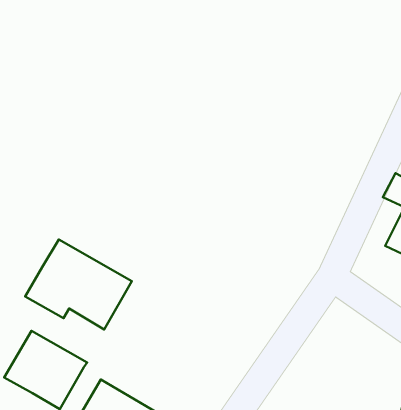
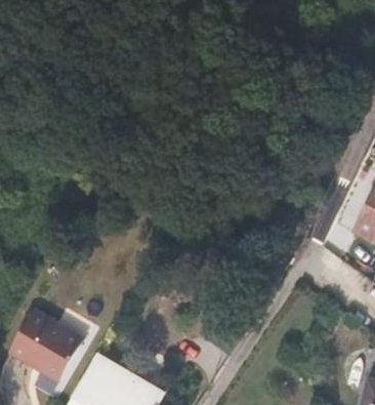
building: [25,239,132,330] -> none

